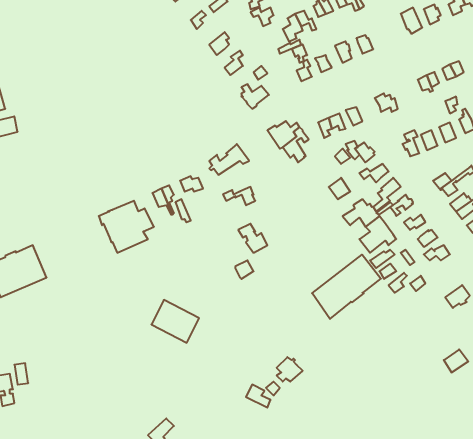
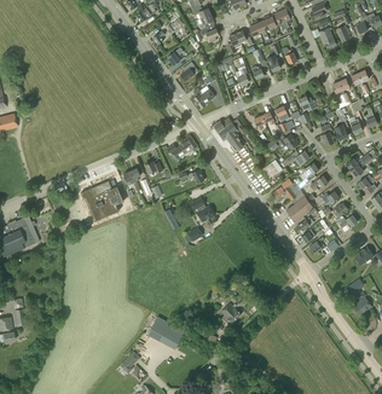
building: [312,255,381,319] -> none
building: [151,300,199,343] -> [147,315,185,349]

